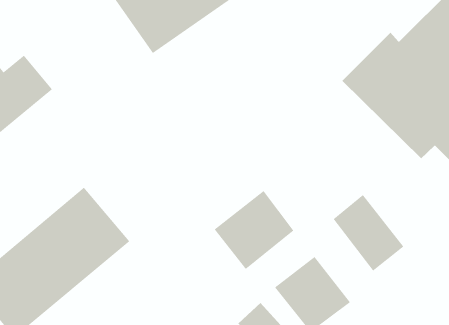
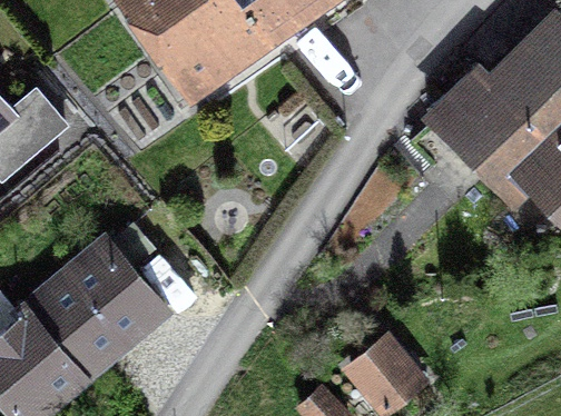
building: [214,190,294,270] -> none
building: [333,194,404,271] -> none

